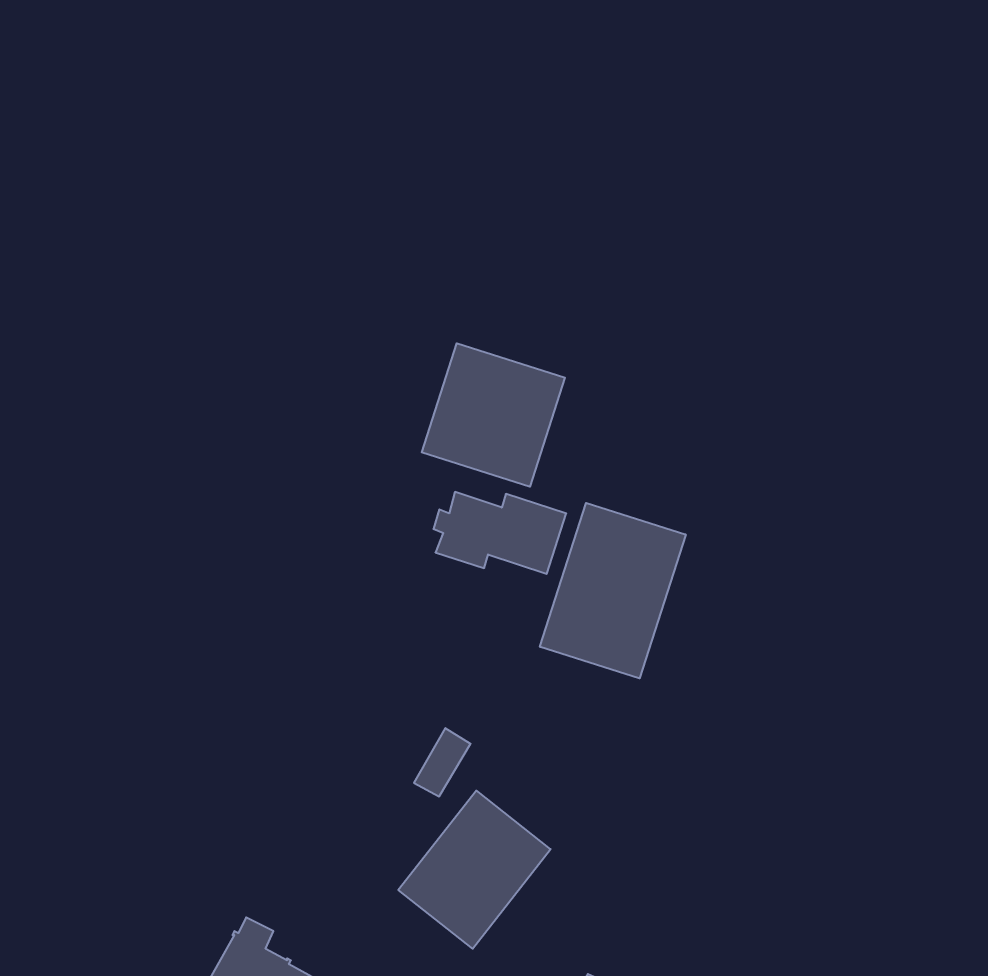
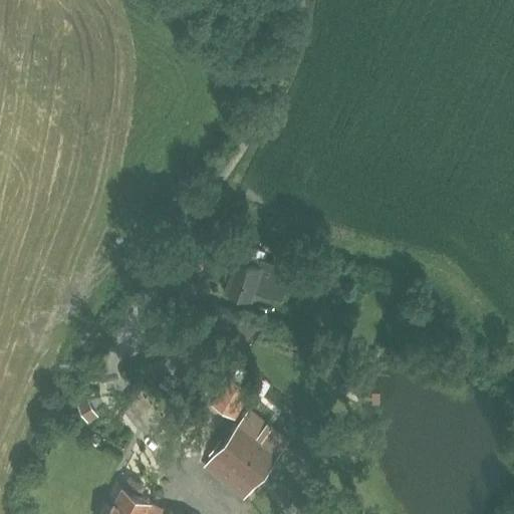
building: [422,343,565,487] -> none
building: [540,503,686,678] -> none

